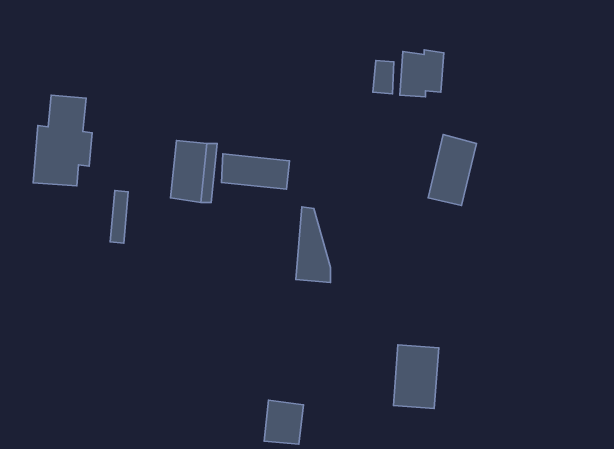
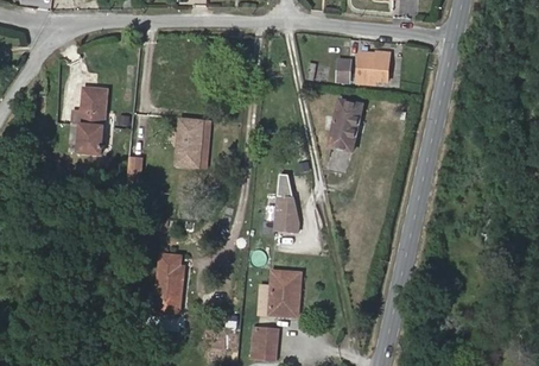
building: [428,134,476,205] -> [325,96,363,152]
building: [222,154,289,189] -> none
building: none -> [154,255,186,318]
building: [393,345,439,408] -> [266,267,302,317]

